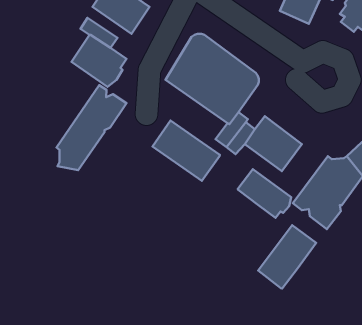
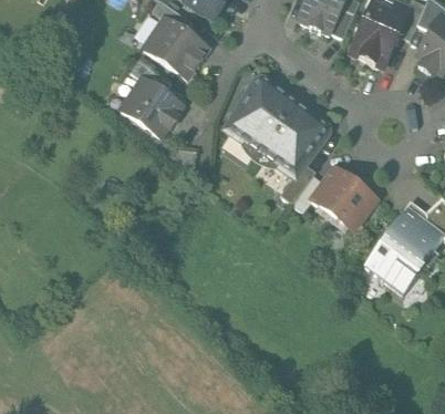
building: [56,85,127,170] -> none
building: [153,121,220,181] -> none
building: [238,169,291,218] -> none
building: [258,225,316,288] -> none

